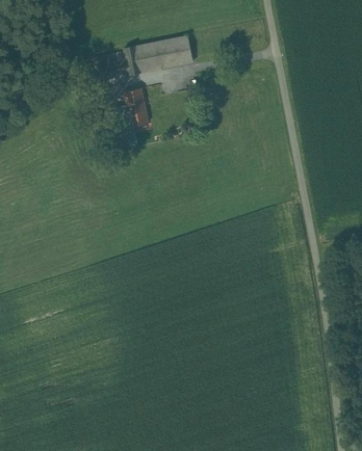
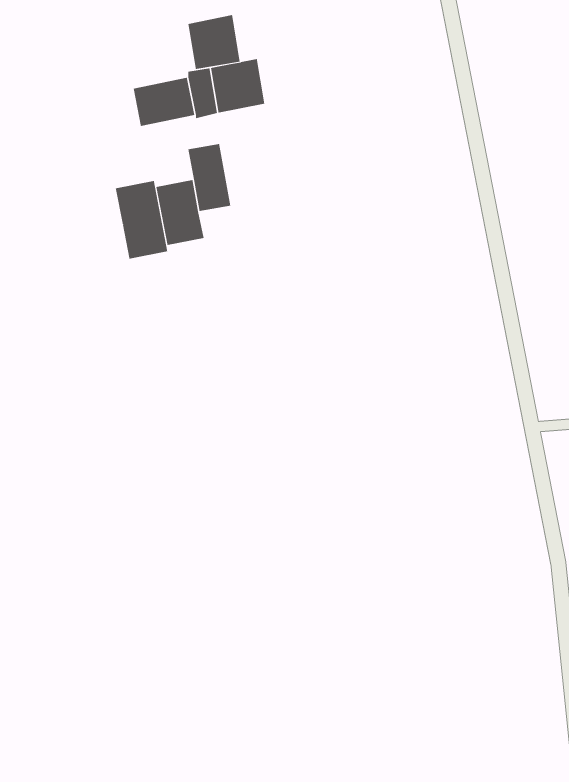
building: [163,35,192,65] -> [188,14,241,69]
building: none -> [115,180,168,260]

